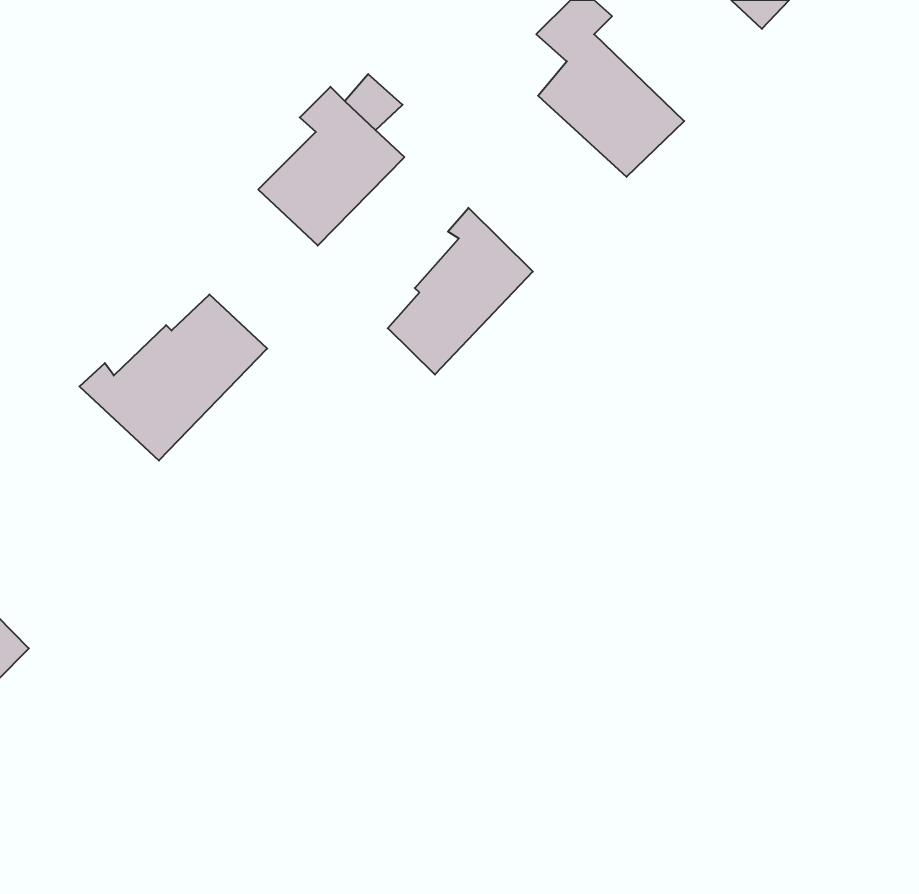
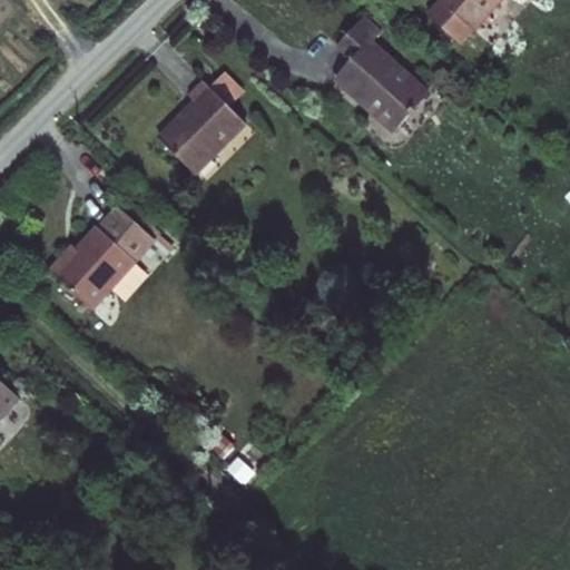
building: [388,208,533,375] -> none

